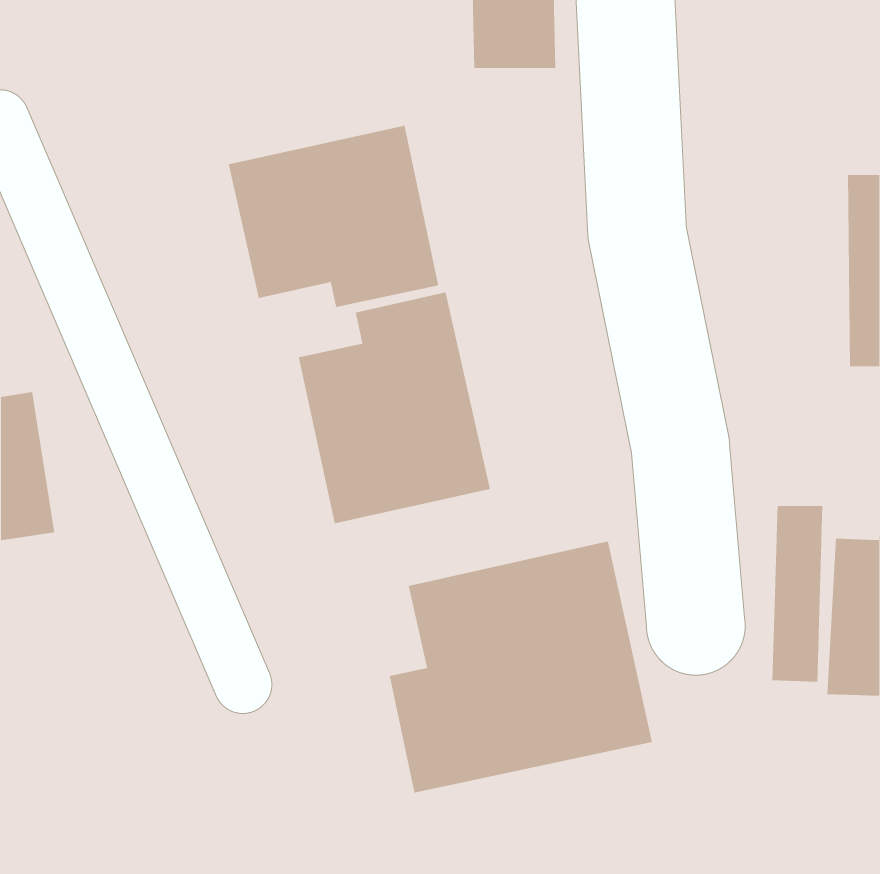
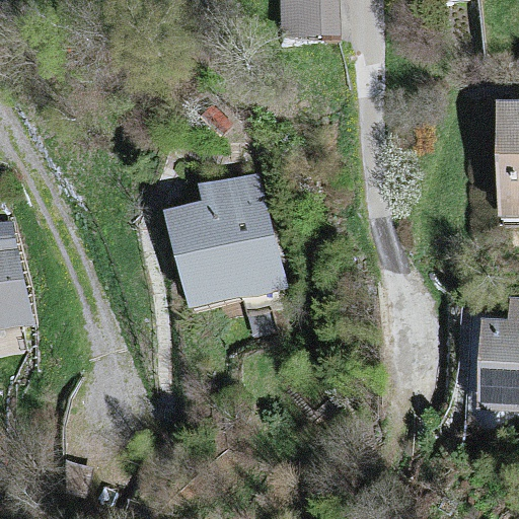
building: [228,125,439,308] -> none
building: [389,541,653,793] -> none

